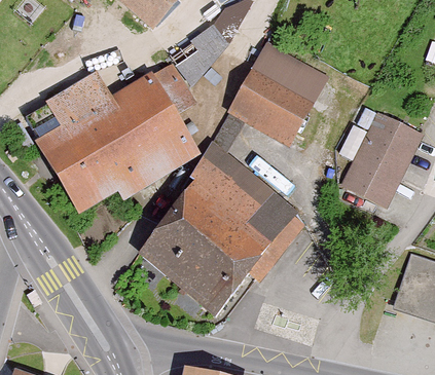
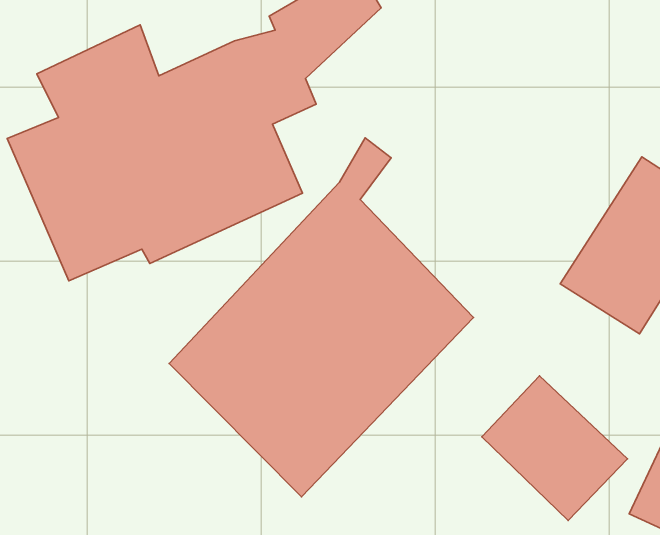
building: [230,44,328,146] -> none
building: none -> [482,376,628,521]

